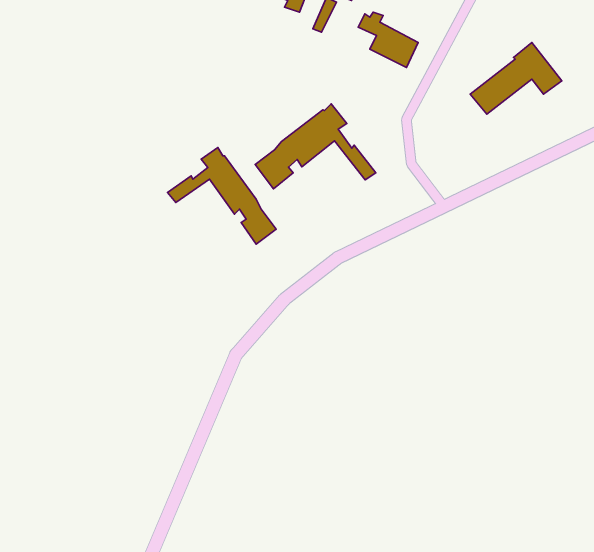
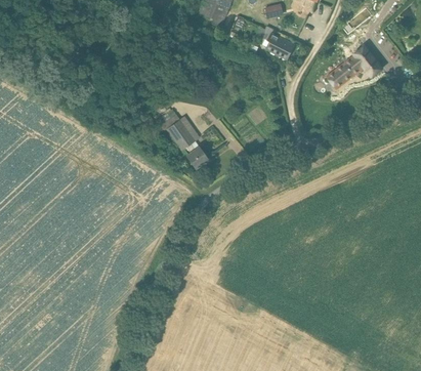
building: [255,104,376,189] -> none

